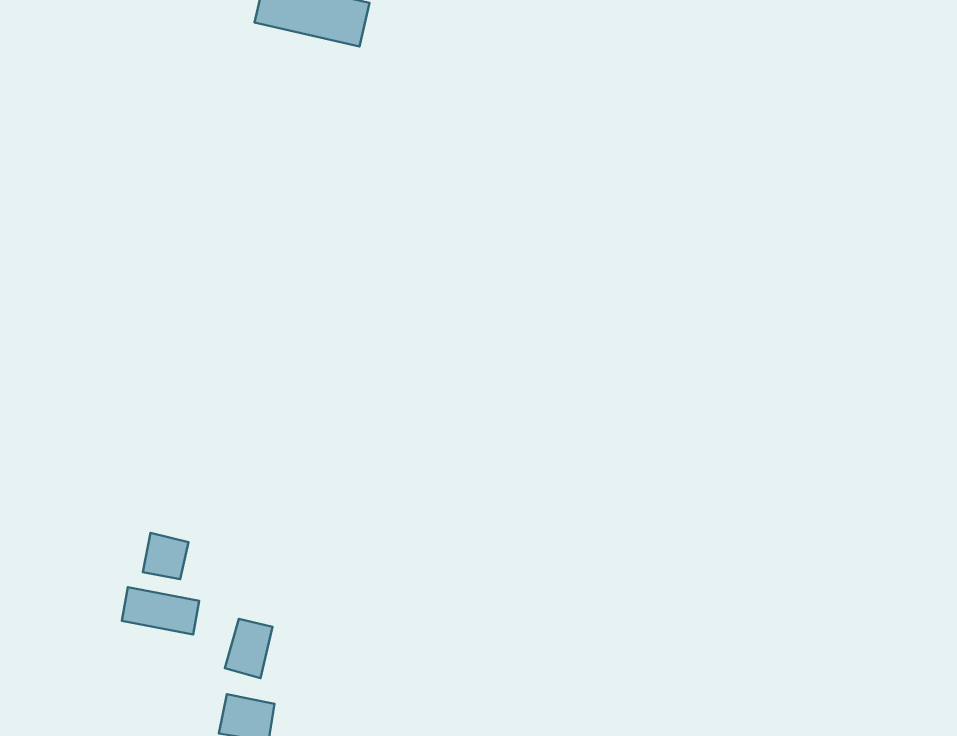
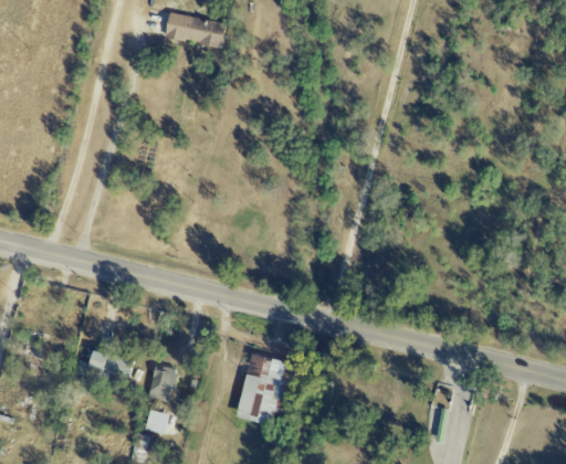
building: [143,533,189,579] -> none
building: none -> [237,357,289,418]

